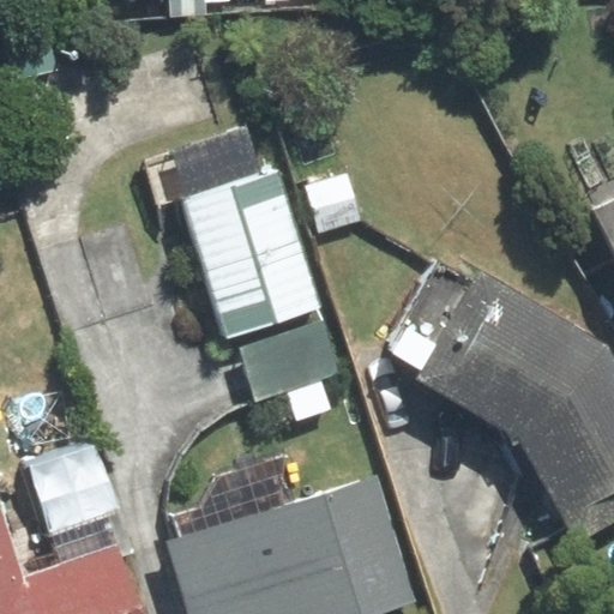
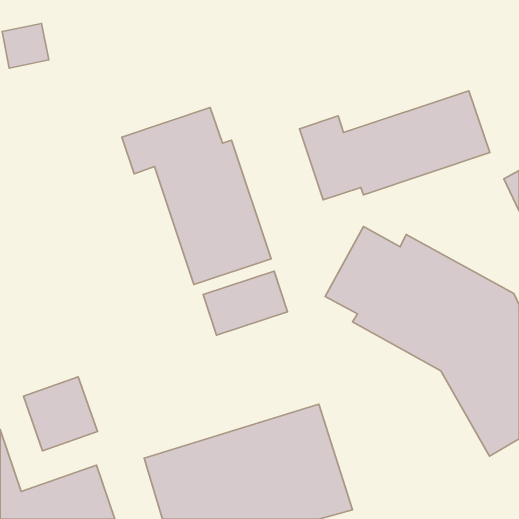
building: none -> [299,91,490,200]

